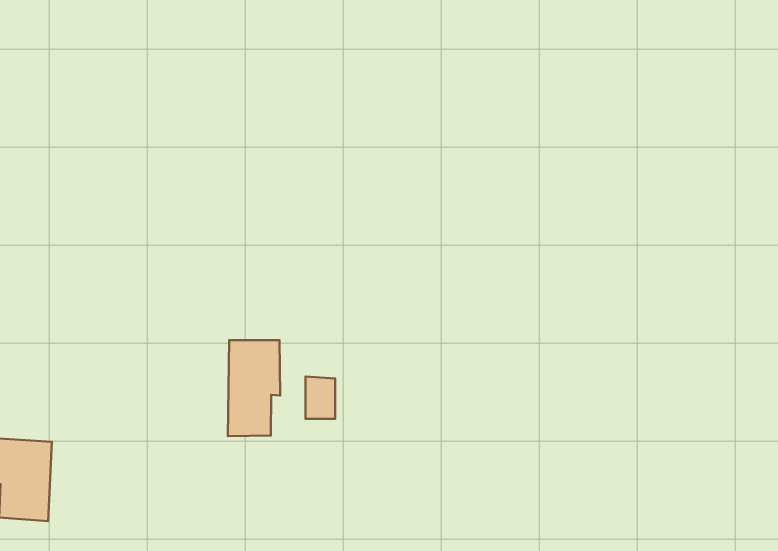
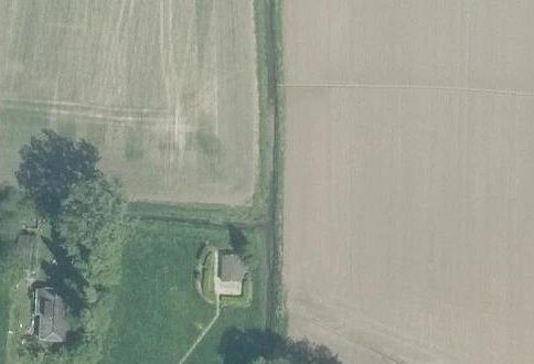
building: [228,340,280,436] -> none

